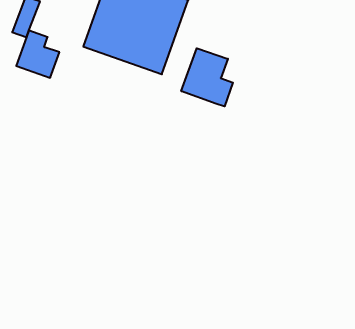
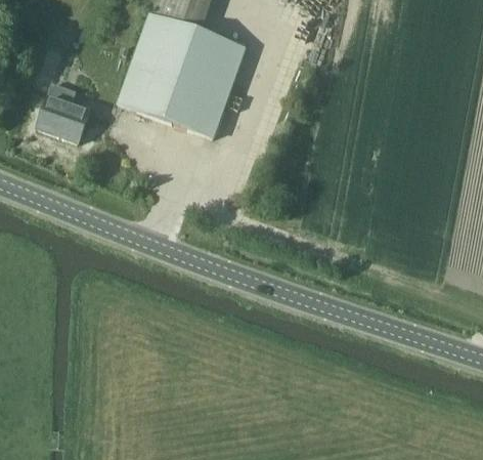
building: [181,48,233,106] -> none

